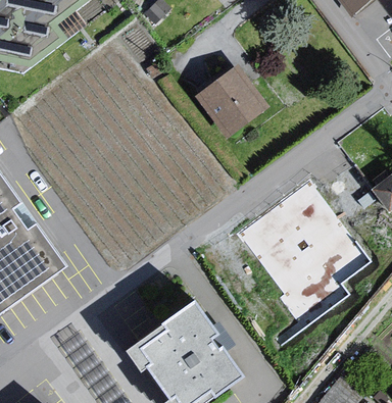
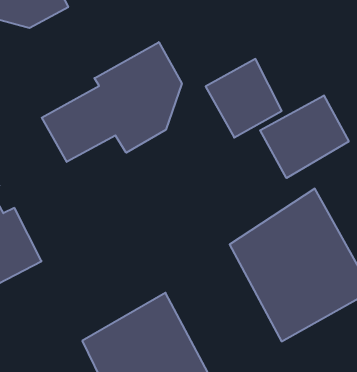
building: none -> [42,42,182,162]
building: none -> [260,95,349,178]

